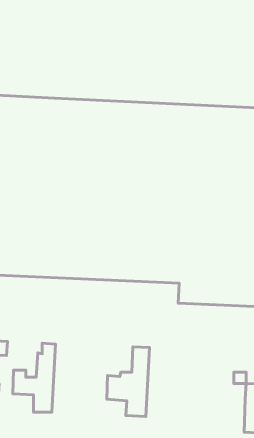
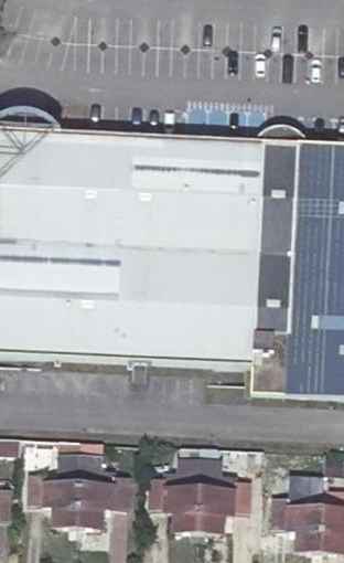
building: none -> [77,440,129,528]
building: none -> [196,445,248,532]
building: none -> [271,498,322,552]

